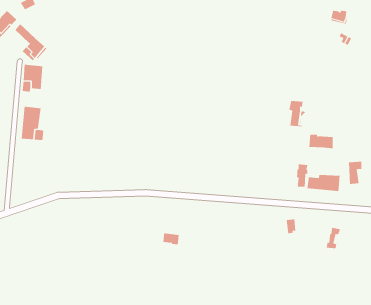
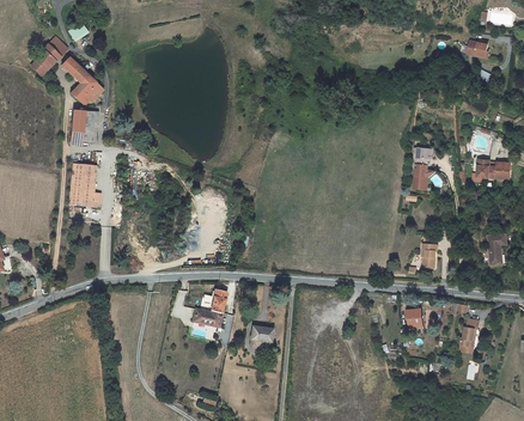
building: [308,134,334,149] -> [477,160,510,179]
building: [307,174,340,192] -> none
building: none -> [193,289,227,328]

